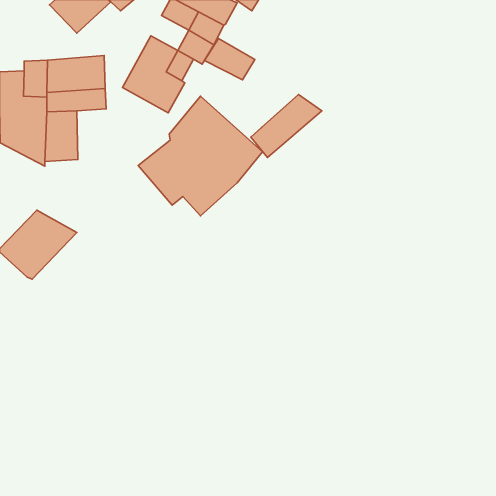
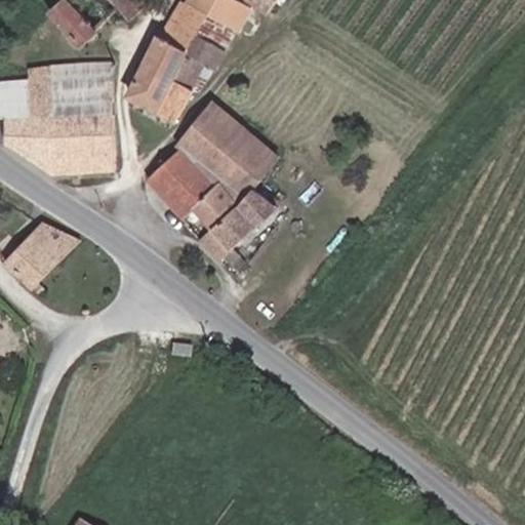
building: none -> [159,16,199,53]
building: [204,39,255,80] -> none
building: [251,94,322,158] -> [200,193,275,259]
building: none -> [81,115,113,168]

